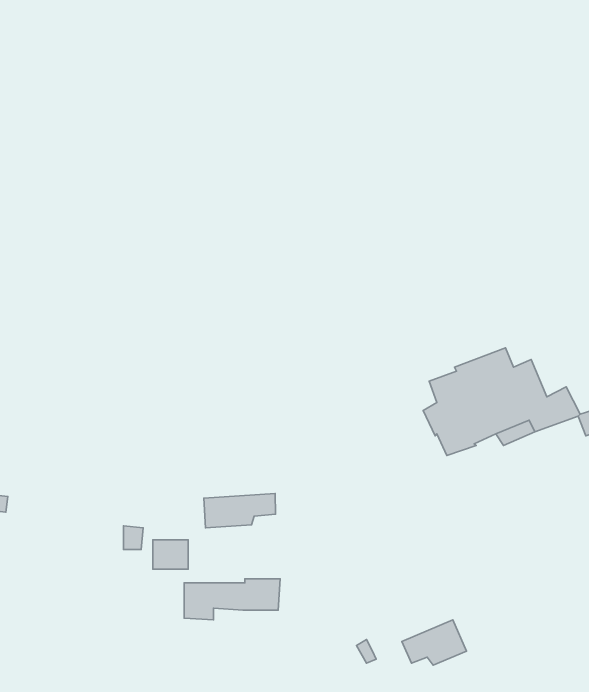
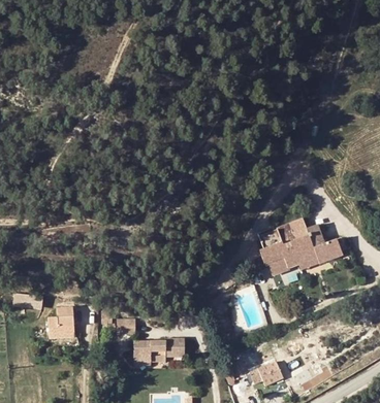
building: [204,493,276,528] -> none
building: none -> [46,307,73,338]

